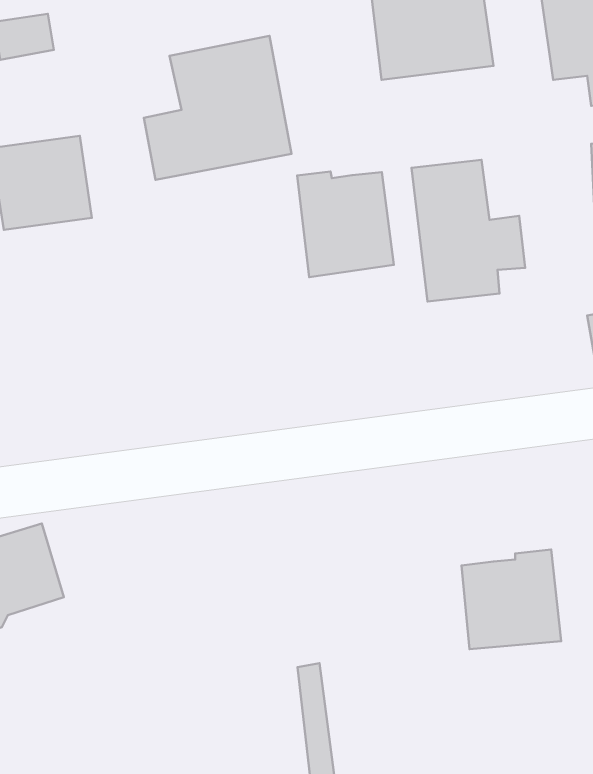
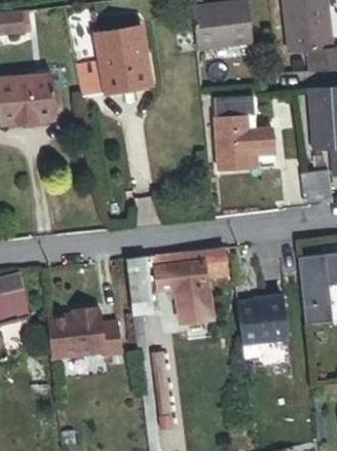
building: [297,172,394,277] -> none
building: none -> [127,245,234,355]
building: none -> [51,308,123,360]

